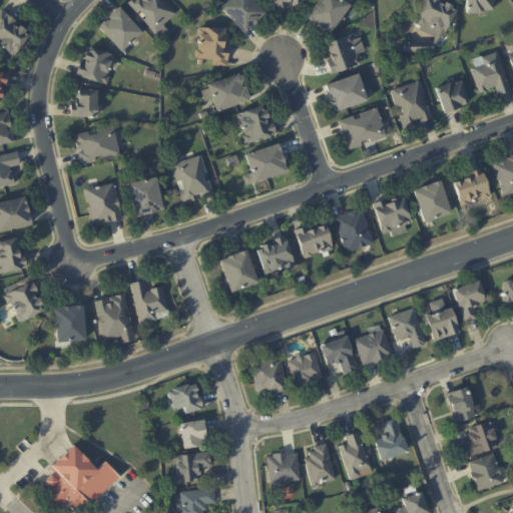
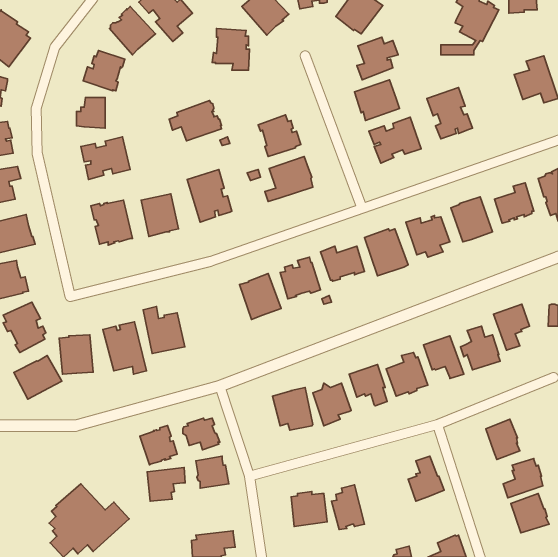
building: [201,73,249,110] -> [169,100,222,141]
building: [435,80,467,112] -> none
building: none -> [14,355,62,399]
building: none -> [140,425,177,465]
building: [338,432,368,479] -> none
building: [175,450,210,481] -> [147,467,185,501]

